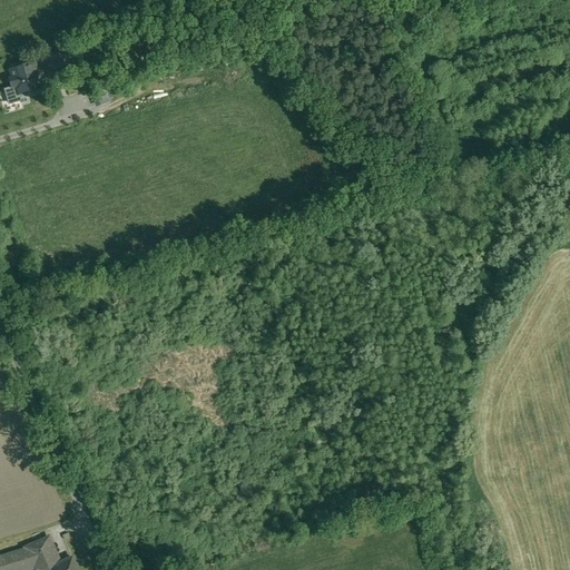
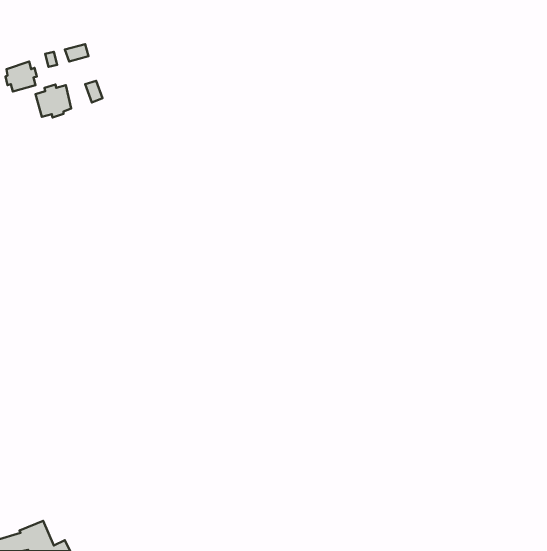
building: none -> [35,84,71,117]

